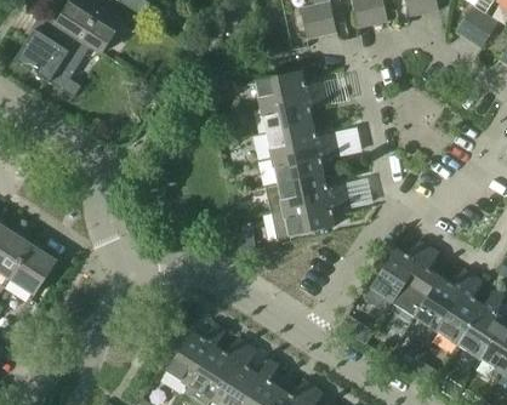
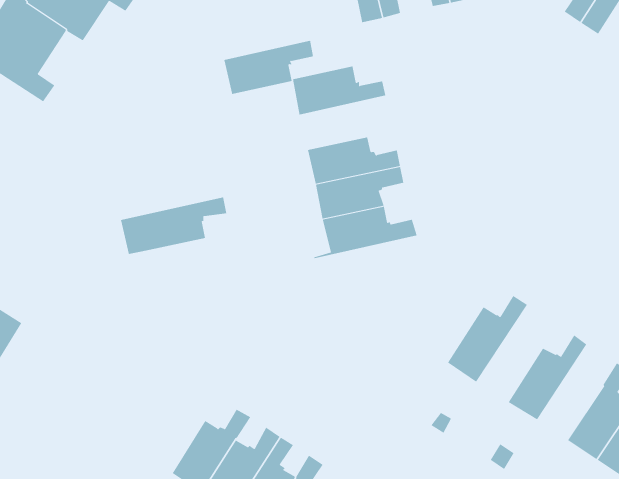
building: [260,92,326,132] -> [223,40,314,94]
building: [270,195,349,238] -> [120,197,227,255]
building: [391,246,439,318] -> none
building: [435,275,484,346] -> none

